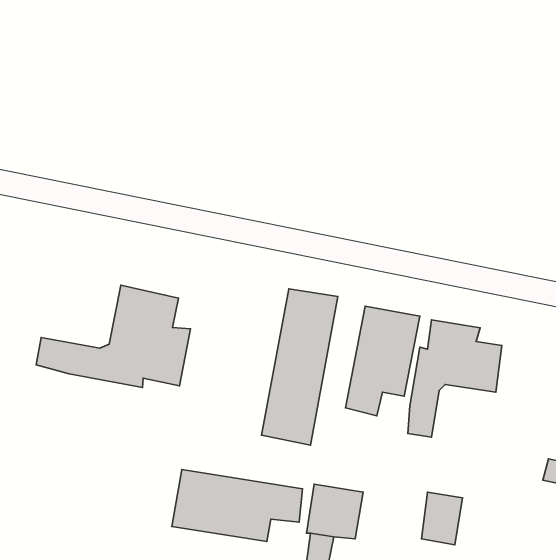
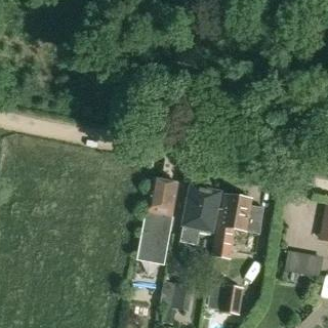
building: [36,285,190,387] -> none
building: [172,469,302,542] -> none

